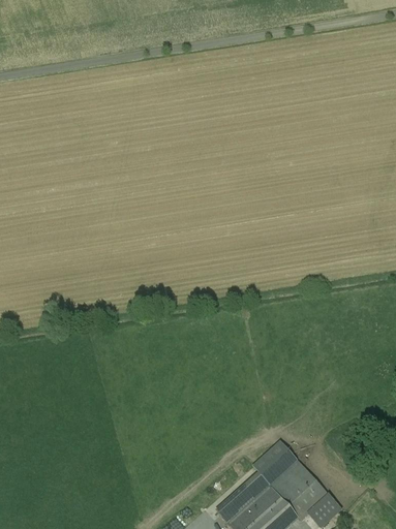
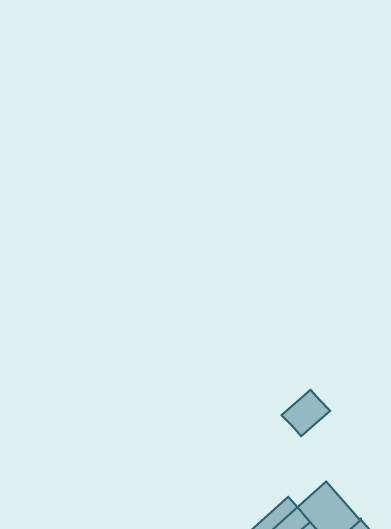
building: [254,442,298,484] -> [282,390,330,436]

